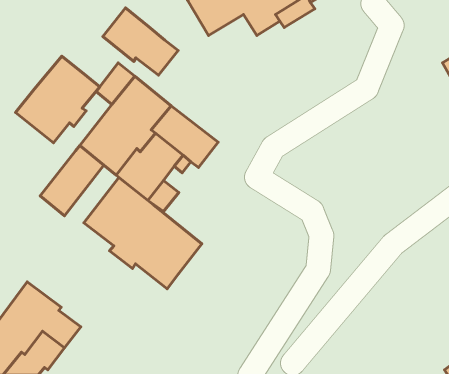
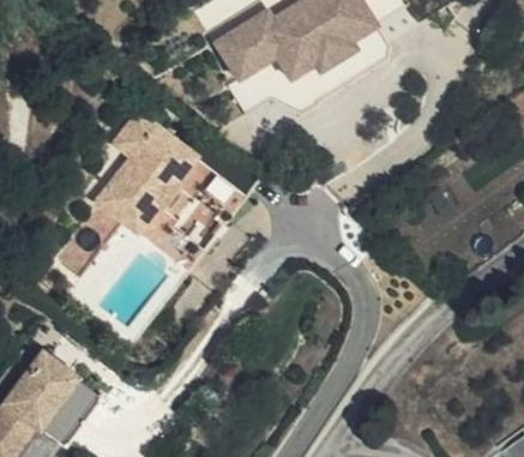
building: [103,8,178,75] -> none
building: [16,56,100,143] -> none
building: [84,178,202,289] -> none

